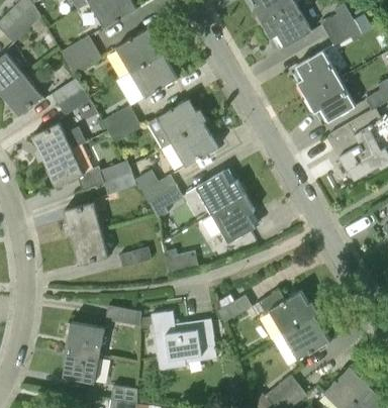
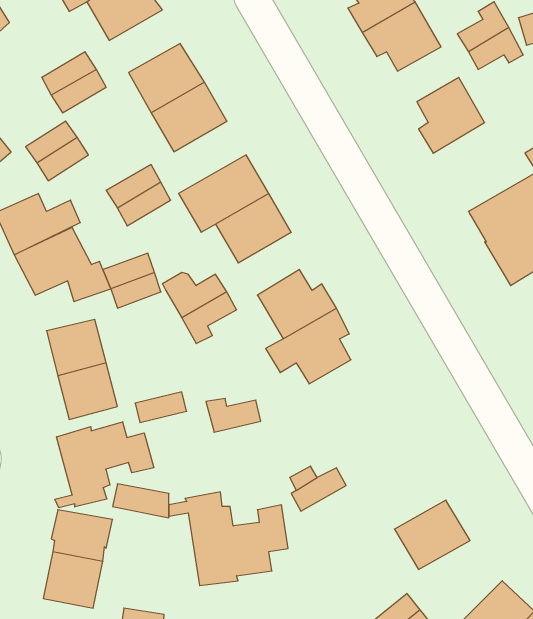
building: [306,79,355,122] -> none
building: none -> [55,422,154,508]
building: [259,290,314,333] -> none

